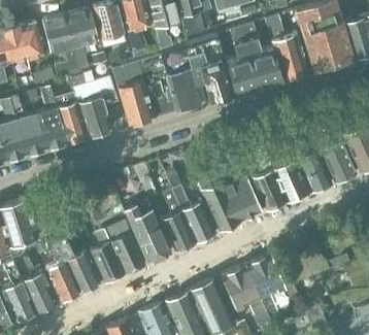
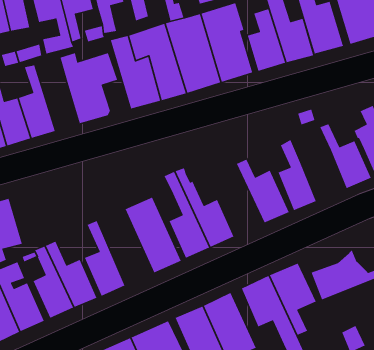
building: [48,85,86,144] -> none
building: [272,160,310,203] -> none
building: [196,171,241,232] -> none
building: [101,214,145,274] -> none

